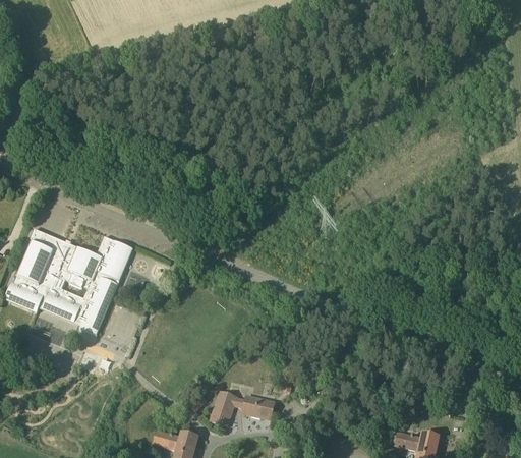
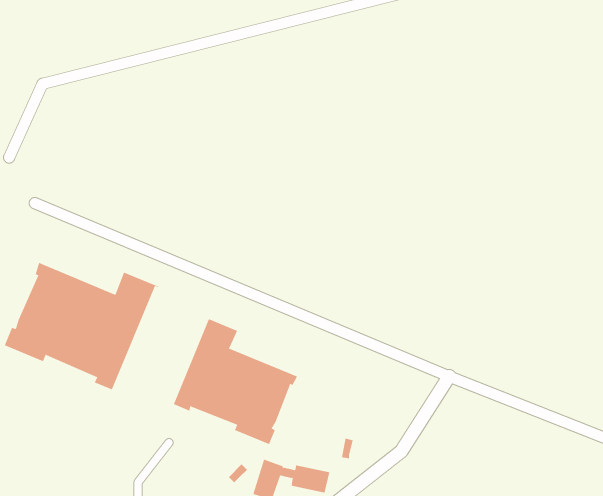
building: none -> [171,317,298,447]

